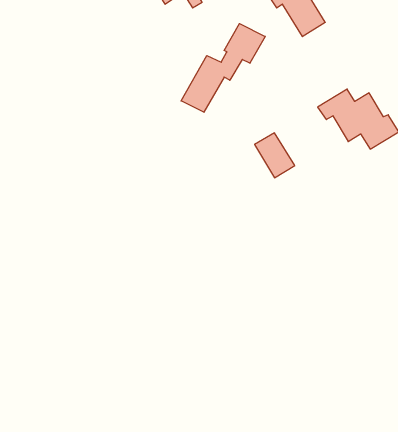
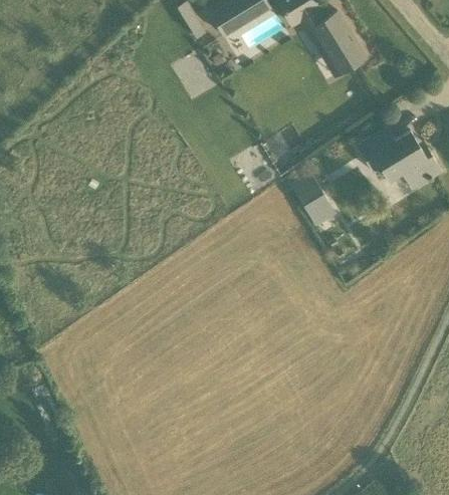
building: [181,24,265,112] -> none

